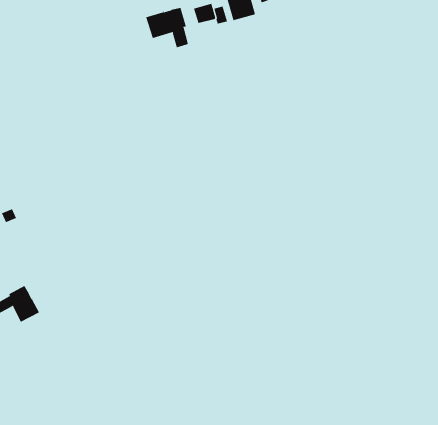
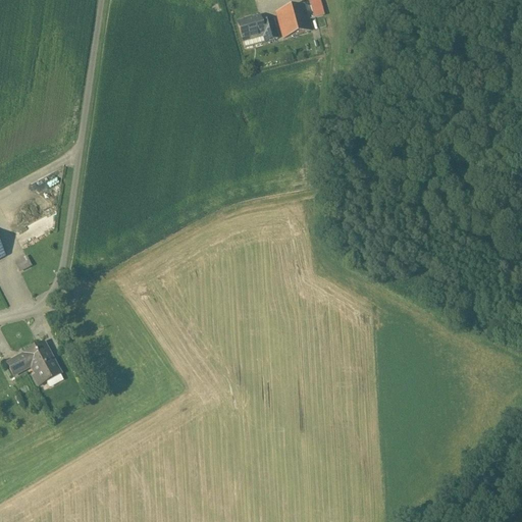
building: [146,7,190,48] -> none

